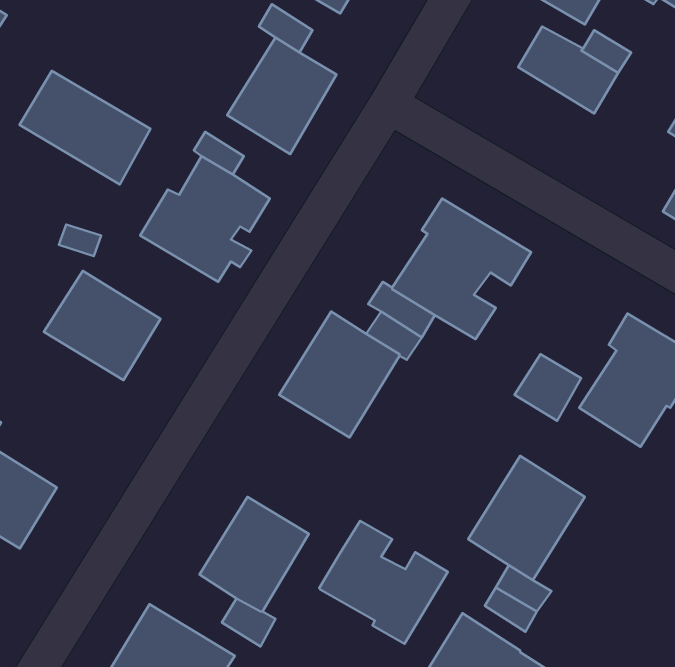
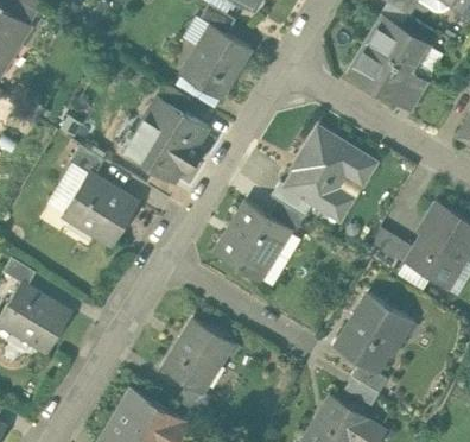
building: none -> [352,44,415,101]
building: [20,71,151,184] -> none
building: [319,521,448,644] -> none

